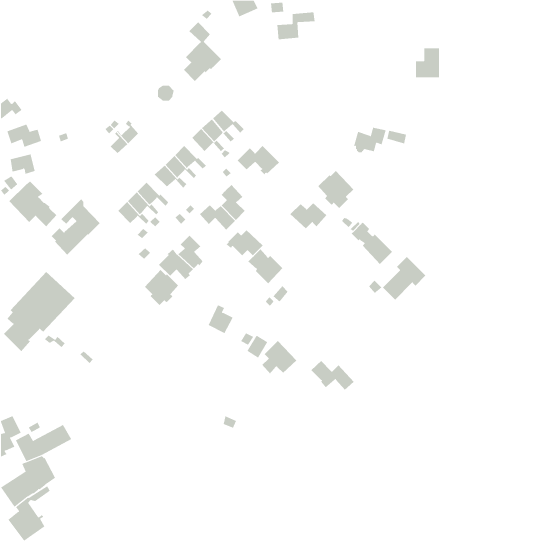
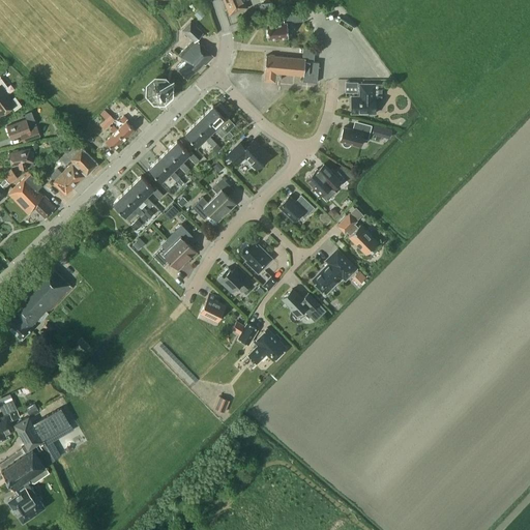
building: [415,48,440,78] -> [352,85,376,114]
building: none -> [265,50,320,83]
building: [51,199,100,256] -> [51,141,98,196]
building: [226,229,264,256] -> [217,266,254,292]
building: [382,256,426,300] -> [314,251,356,293]
building: [144,269,179,306] -> none
building: [310,360,355,390] -> [283,290,325,319]

